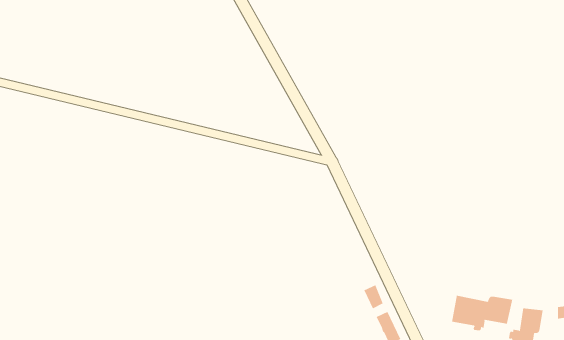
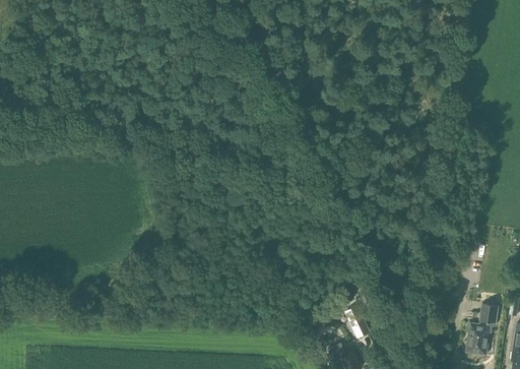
building: [452,295,513,331] -> none

